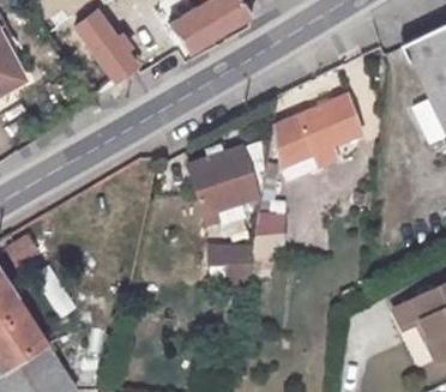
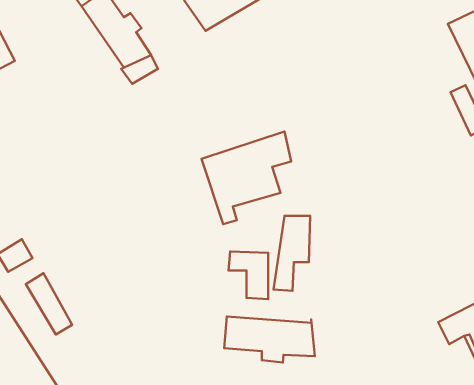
building: [275,95,361,164] -> none
building: none -> [224,316,315,362]

